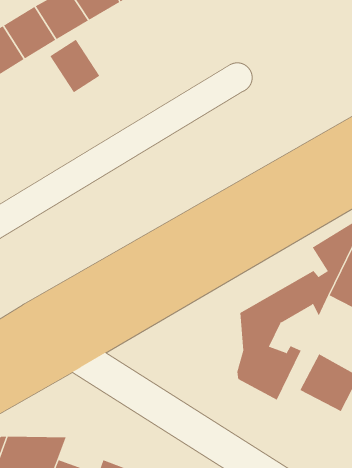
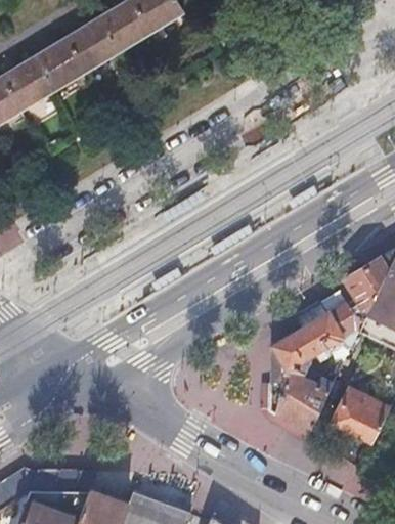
building: [49,39,100,93] -> none

